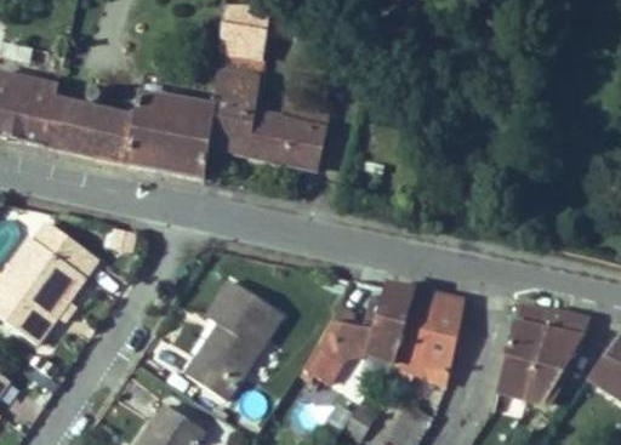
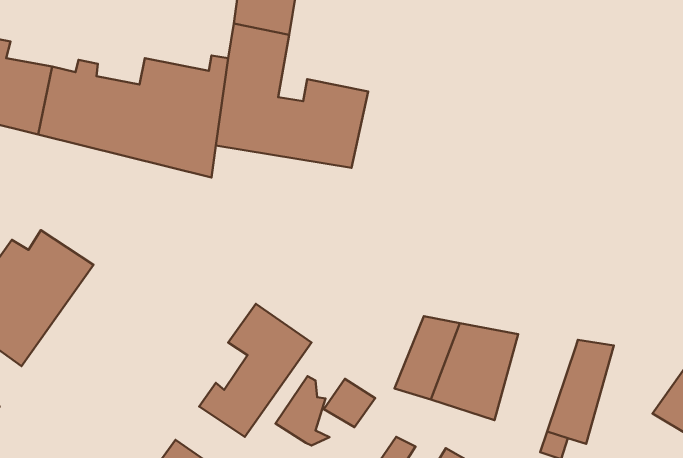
building: [313,312,360,372] -> [275,376,330,446]
building: [524,324,585,415] -> none

